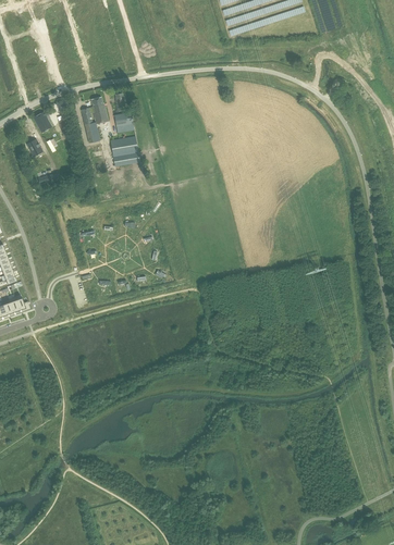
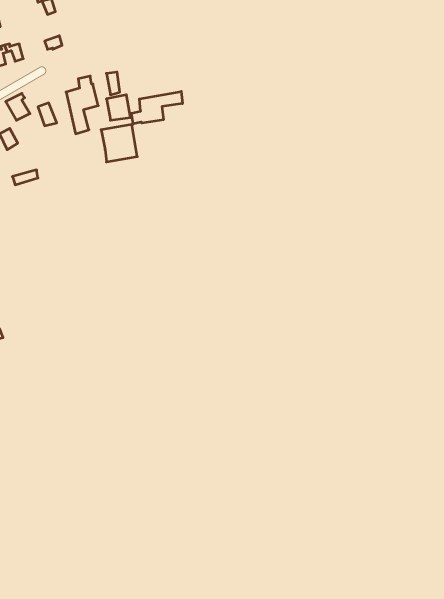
building: none -> [131,91,182,124]

